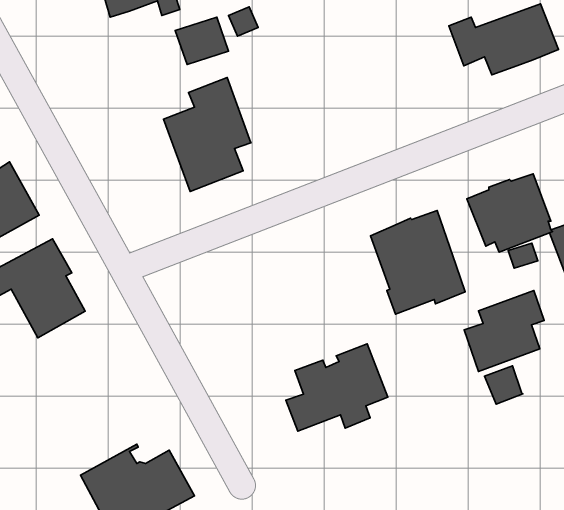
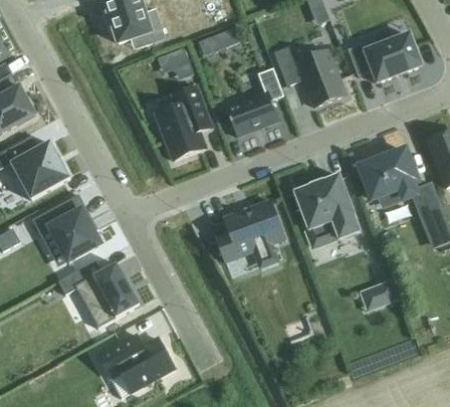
building: none -> [273,44,346,106]
building: none -> [226,67,280,136]
building: [464,290,544,371] -> none
building: none -> [57,259,134,327]
building: [286,344,388,431] -> [216,200,285,259]

